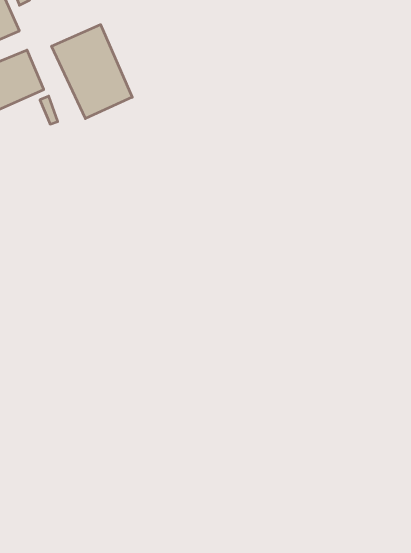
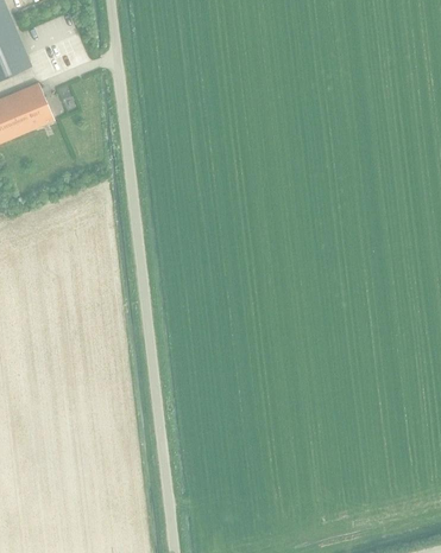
building: [52,25,132,119] -> none

